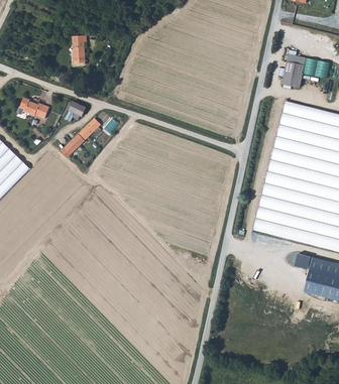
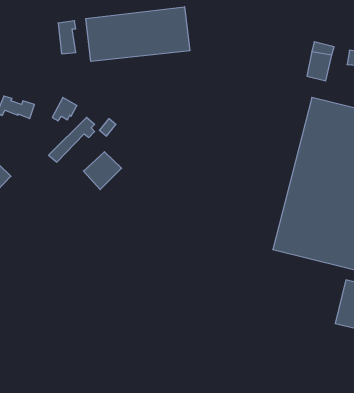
building: none -> [86,7,190,61]
building: none -> [83,152,122,190]

